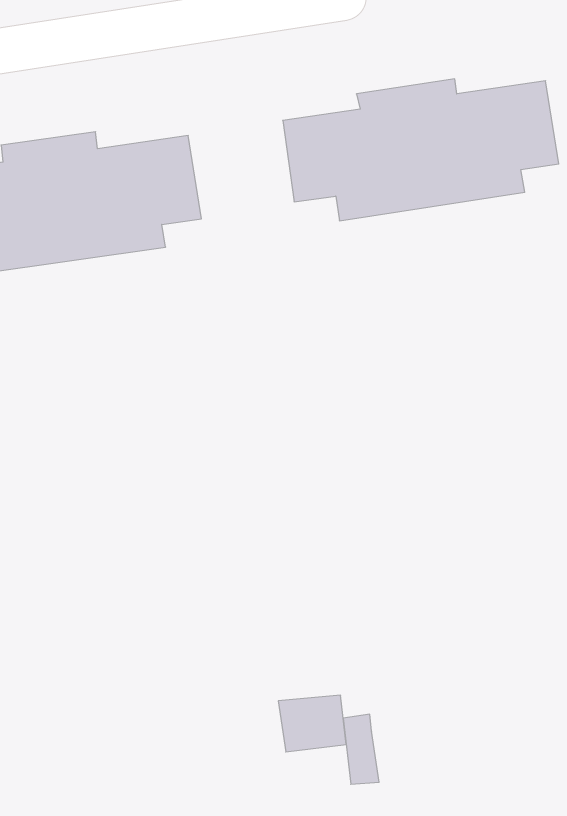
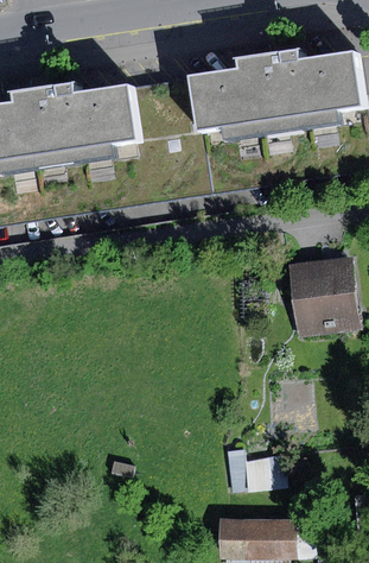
building: none -> [288,257,361,337]
building: [278,695,346,752] -> [243,456,286,492]

